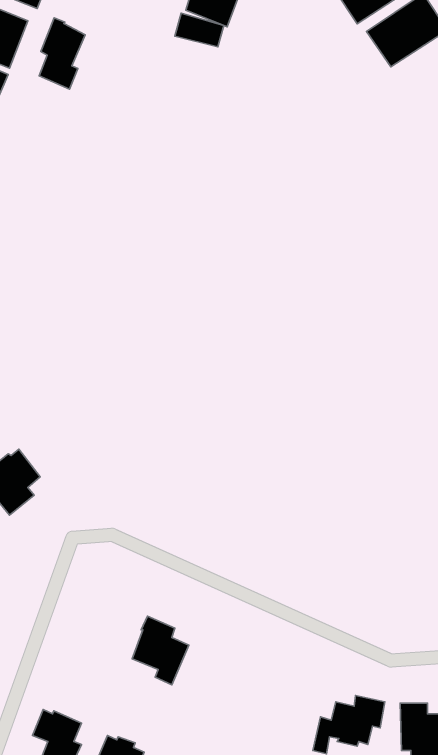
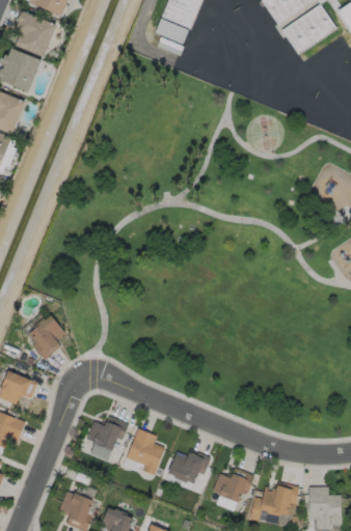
building: [39,18,85,89] -> none
building: none -> [85,416,127,451]
building: none -> [166,448,210,484]
building: none -> [211,468,252,503]

